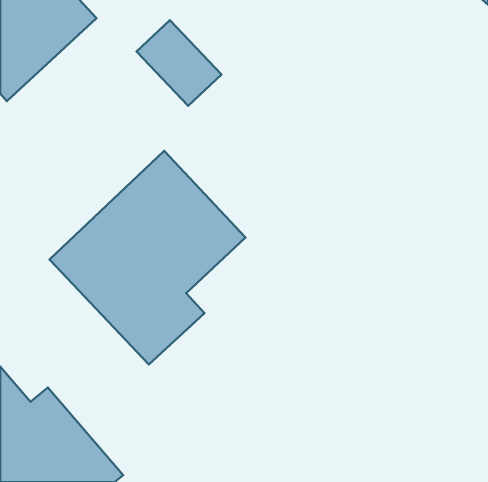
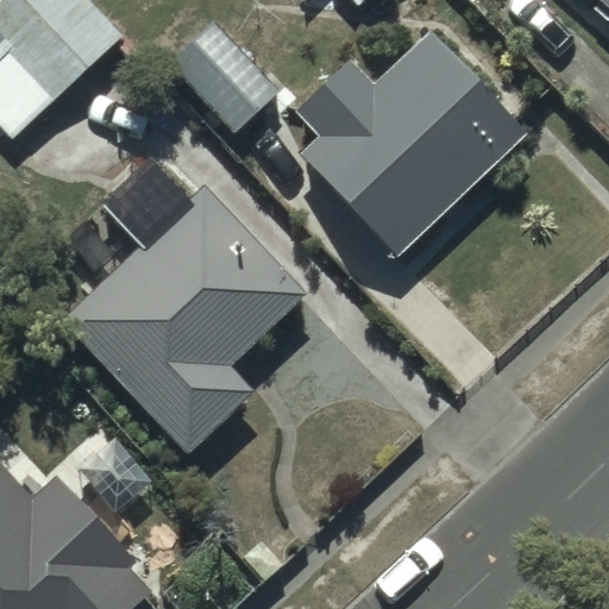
building: none -> [301,31,529,255]

